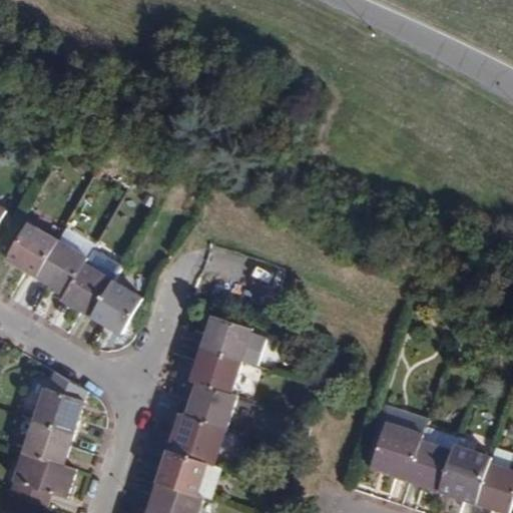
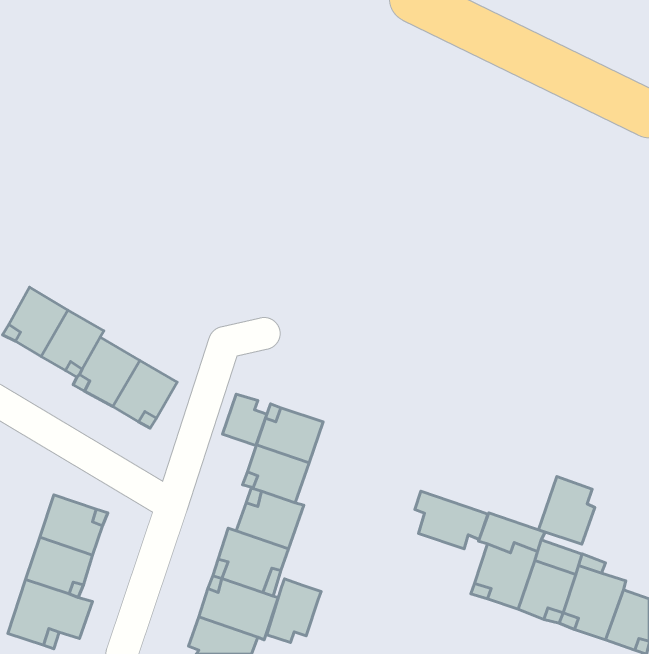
building: none -> [222,394,267,446]
building: none -> [539,477,595,544]
building: none -> [415,491,488,549]
building: none -> [267,579,321,643]

